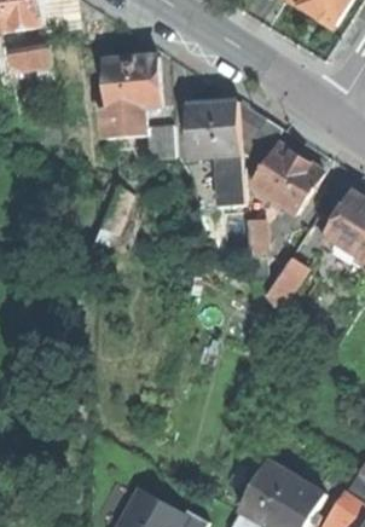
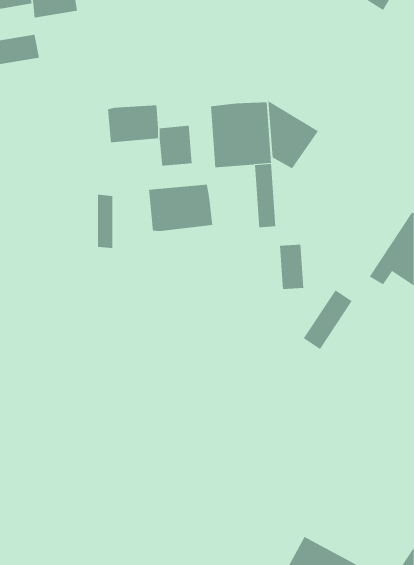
building: [105,56,161,108] -> none
building: [251,144,321,212] -> none
building: none -> [148,184,213,232]

